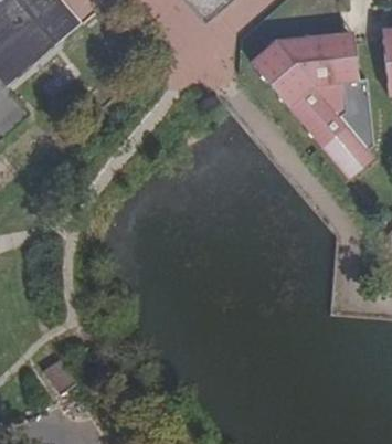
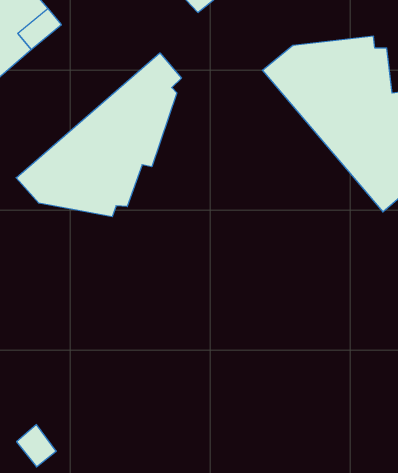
building: none -> [16,53,181,217]

